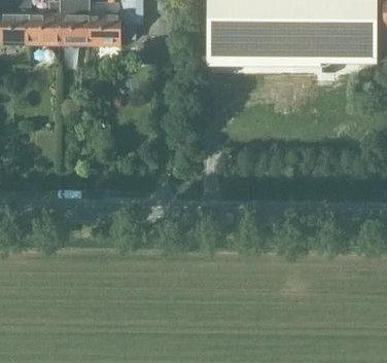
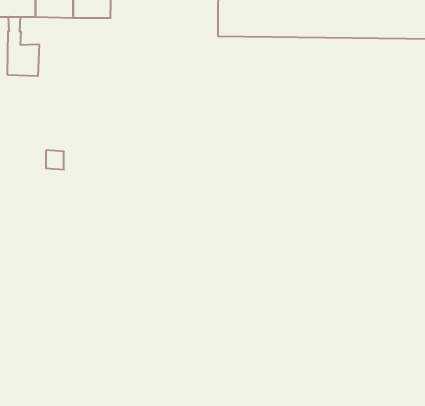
building: none -> [8,17,39,76]

